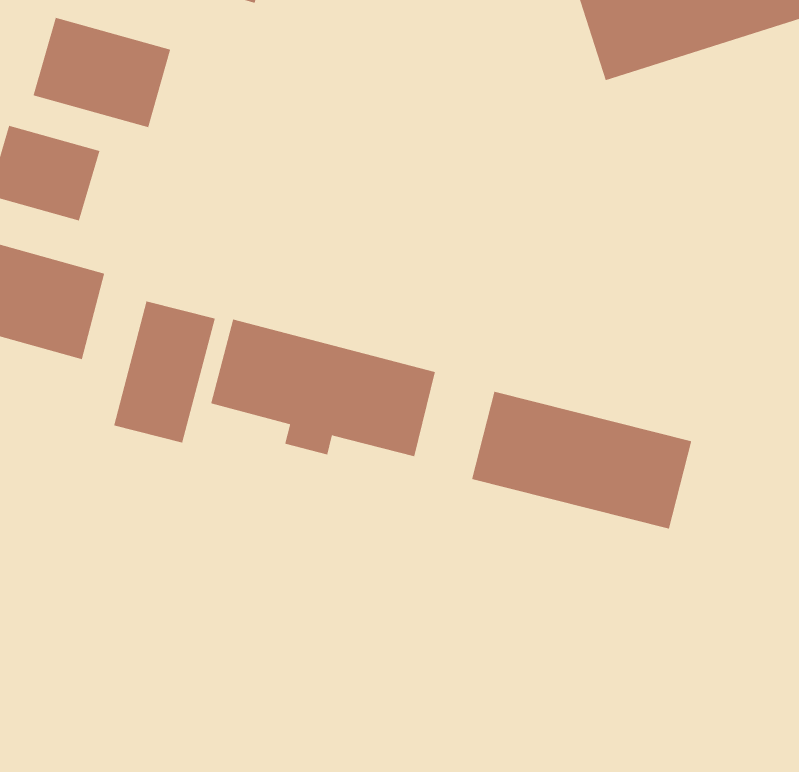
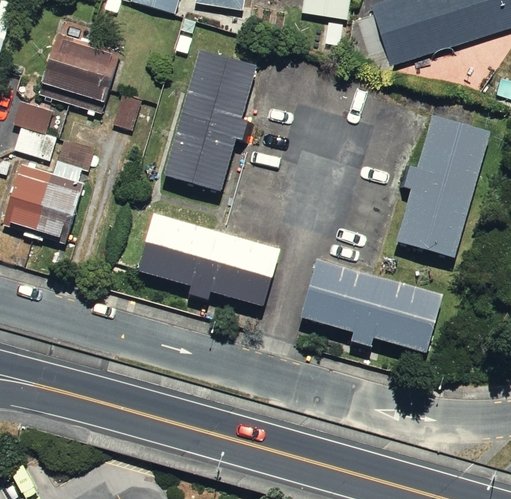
building: none -> [166,49,258,189]
building: none -> [397,117,486,257]
building: [113,300,216,444] -> none

